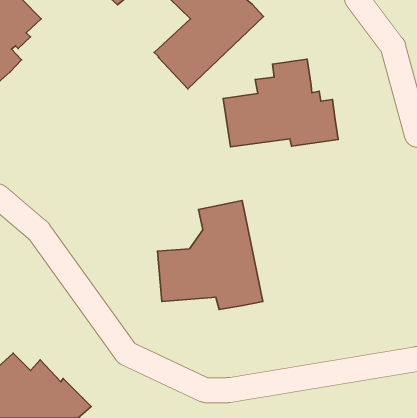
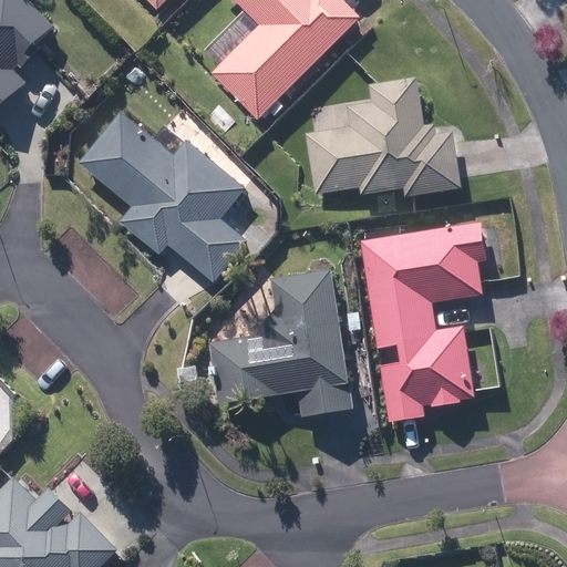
building: none -> [84,112,252,280]
building: none -> [361,223,484,423]

